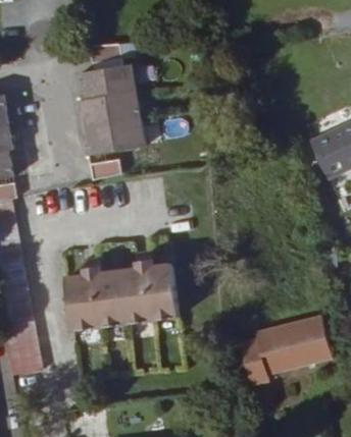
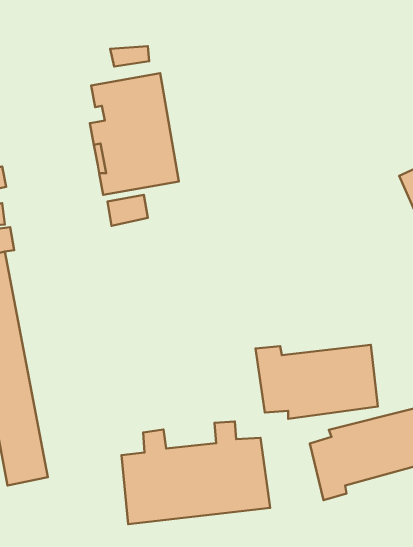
building: [67,253,180,330] -> [121,422,270,524]
building: none -> [255,345,378,419]

